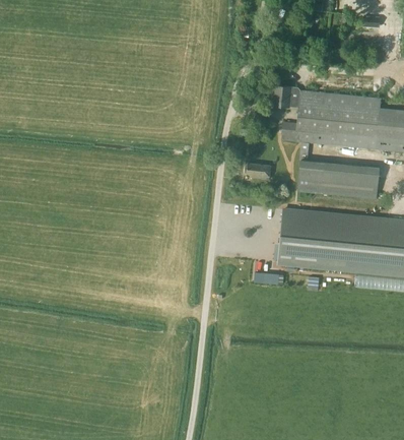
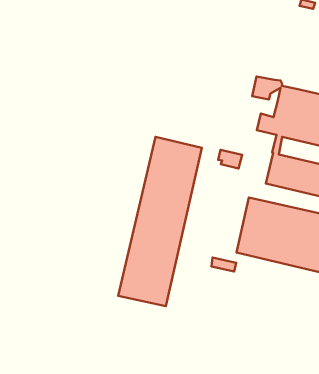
building: none -> [118,137,202,306]

